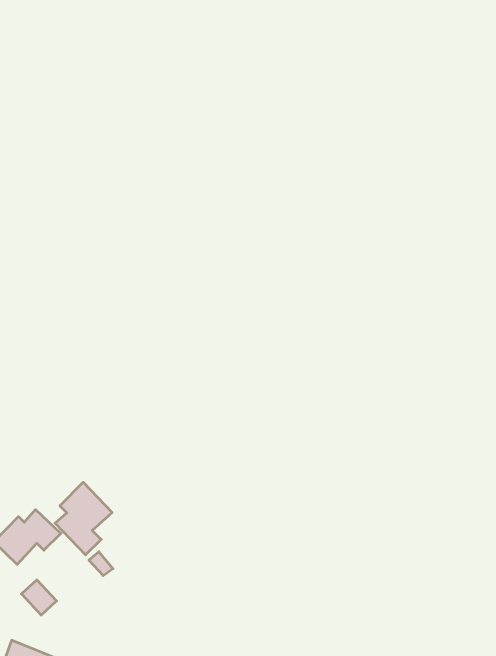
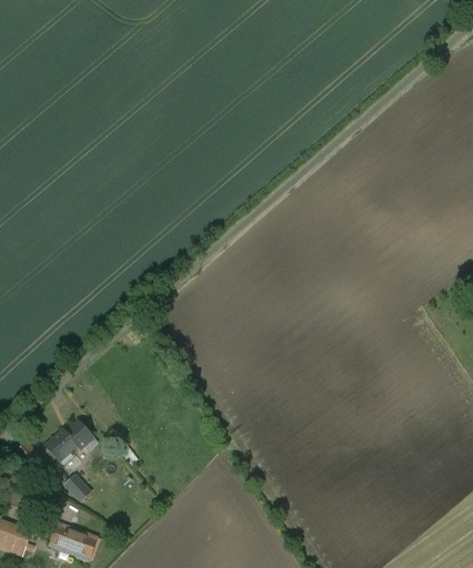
building: [55,482,112,555] -> none

